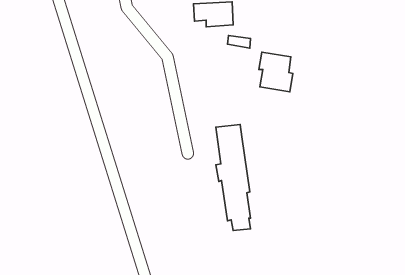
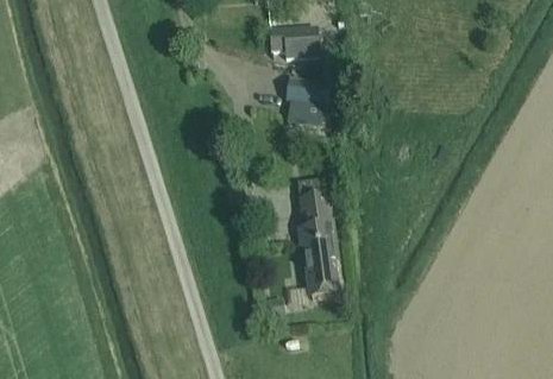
building: [259,52,293,92] -> [284,77,326,126]

